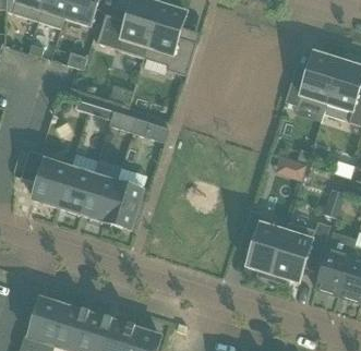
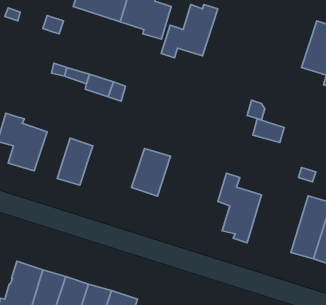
building: [285,51,341,105] -> [161,5,218,58]
building: [58,167,94,214] -> none
building: [104,181,143,229] -> [131,148,170,196]
building: [272,219,330,282] -> none

